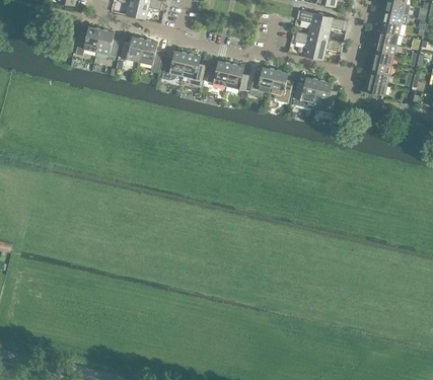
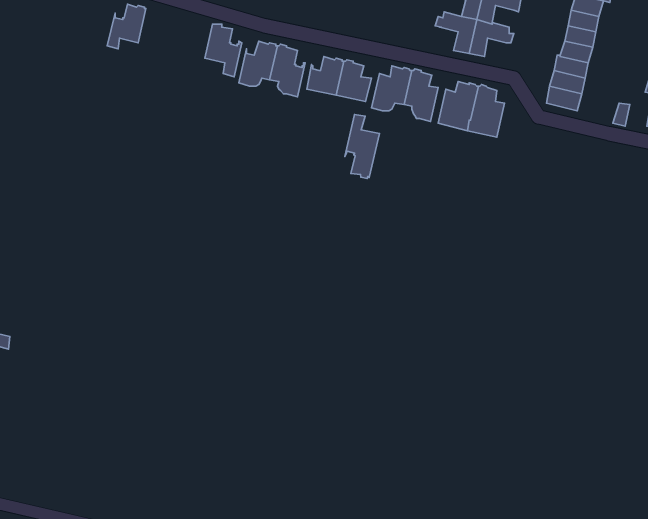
building: [96,29,120,57] -> none
building: [121,36,145,62] -> none
building: none -> [345,114,379,178]

